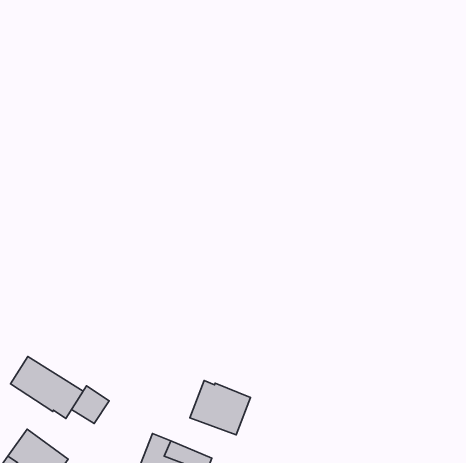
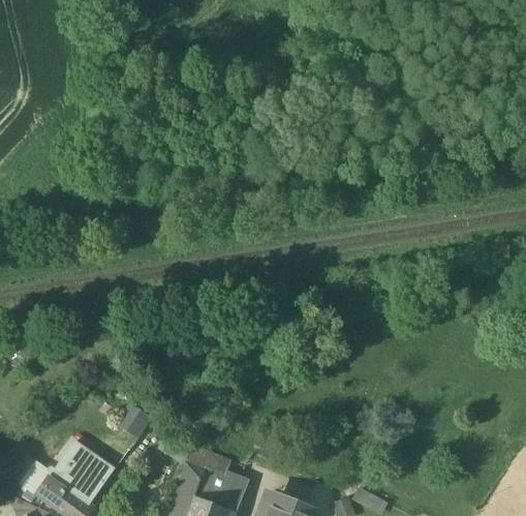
building: [11,357,83,418] -> none
building: [190,380,250,435] -> none

